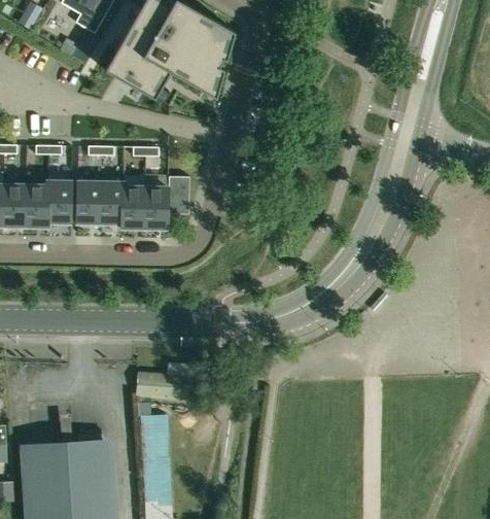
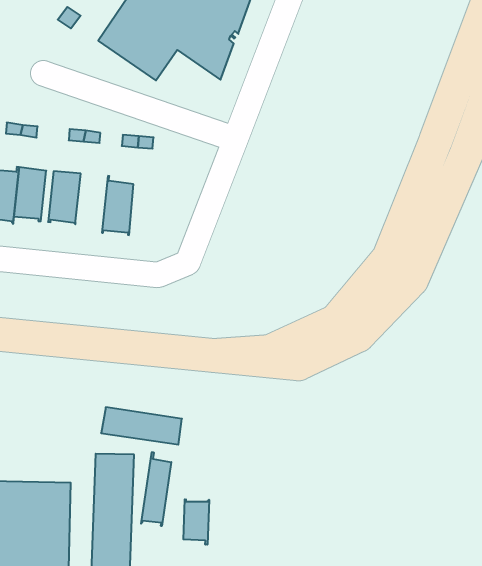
building: [144,176,189,229] -> none
building: [99,181,122,229] -> none
building: none -> [141,452,171,526]
building: none -> [183,499,209,545]

